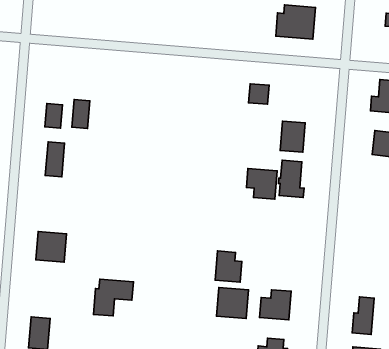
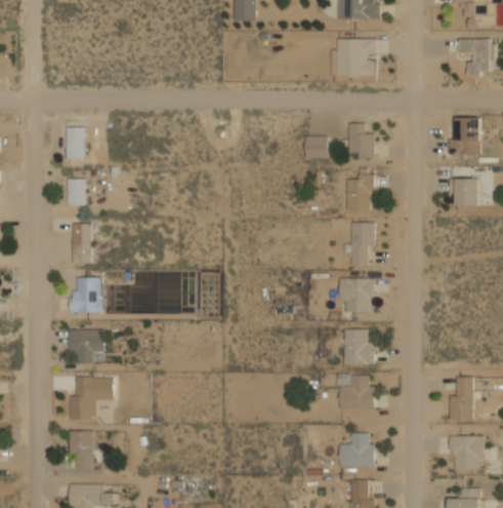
building: none -> [347,123,374,158]
building: [72,99,90,128] -> [66,127,84,160]
building: [246,168,277,199] -> [338,279,373,313]
building: none -> [70,278,101,313]
building: [215,251,242,282] -> [343,330,373,365]
building: [93,279,133,316] -> [69,379,113,421]
building: [216,287,248,318] -> none

